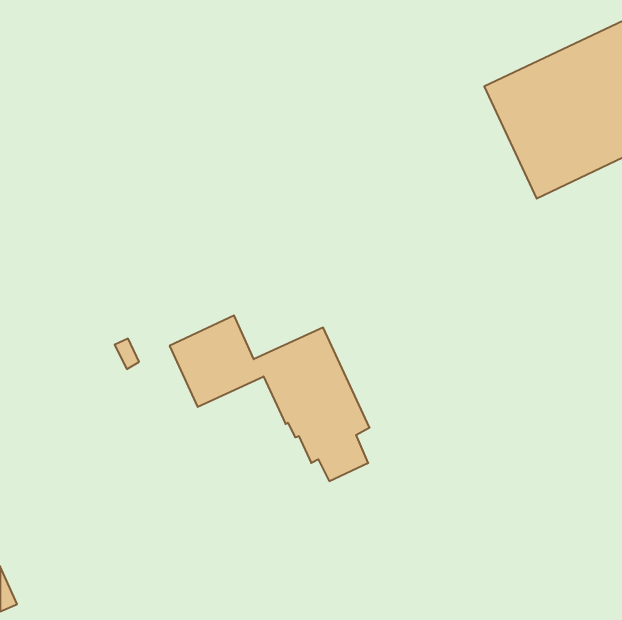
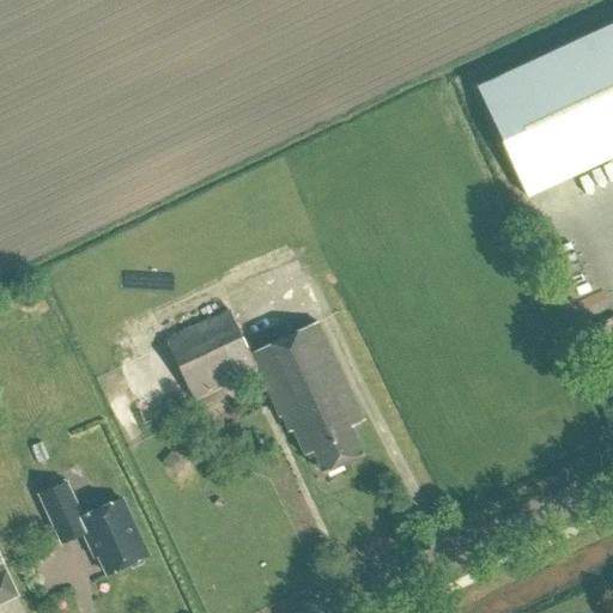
building: none -> [41,481,150,573]

